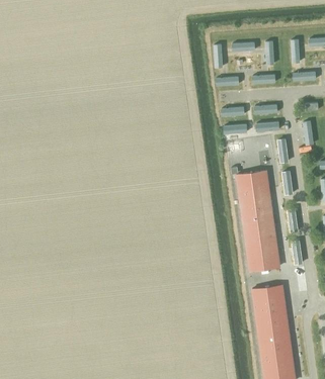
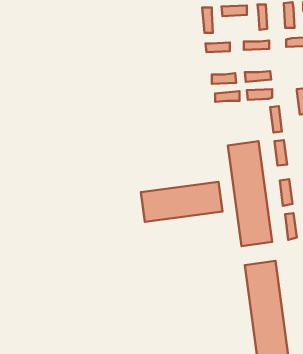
building: none -> [141,182,222,222]

